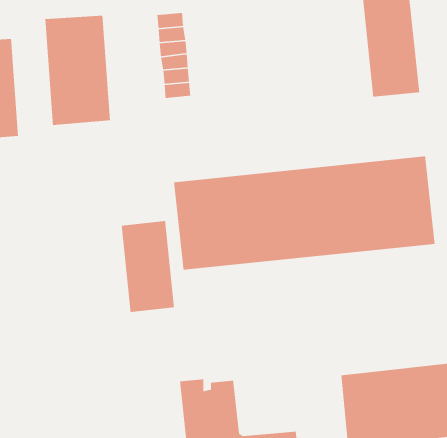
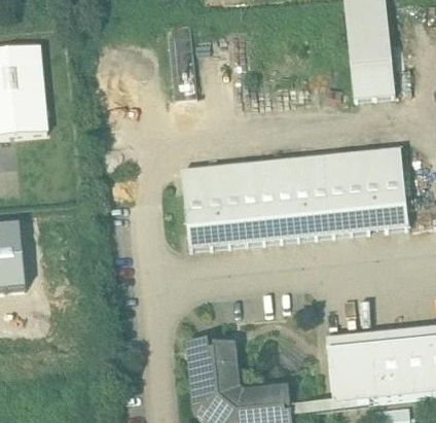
building: [44,15,111,126] -> none
building: [121,220,175,313] -> none

